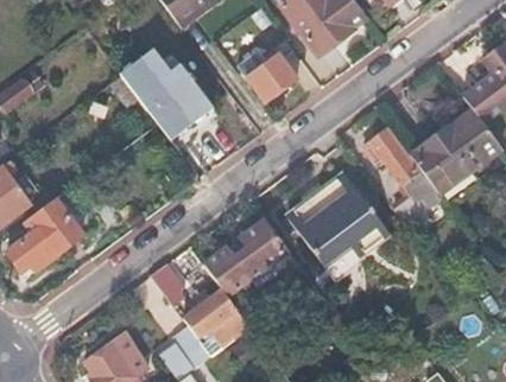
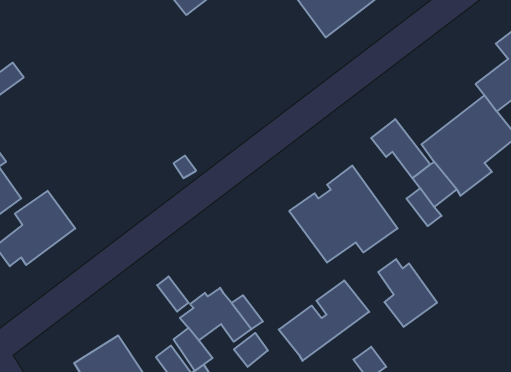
building: [119,47,213,139] -> none
building: [246,52,297,102] -> none
building: [200,221,285,297] -> [279,280,369,361]
building: none -> [378,259,437,327]

